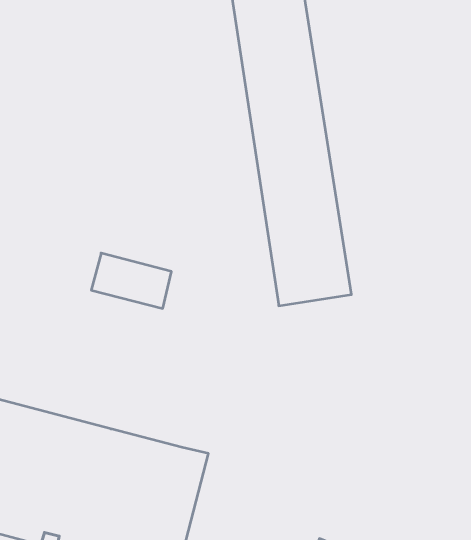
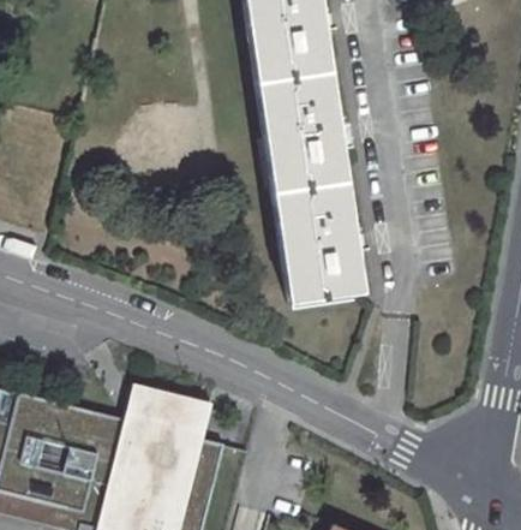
building: [91,253,171,308] -> [130,383,208,437]

